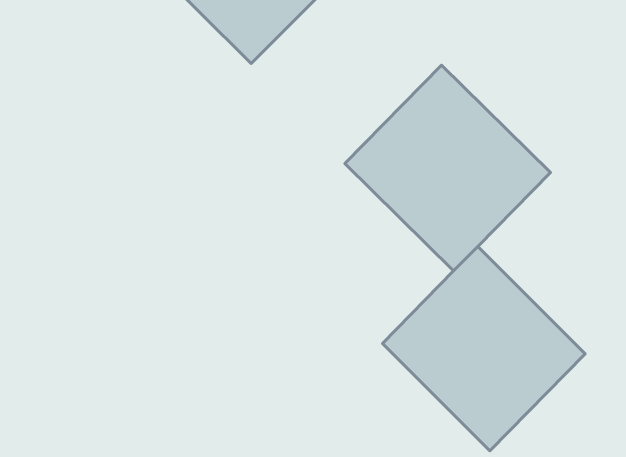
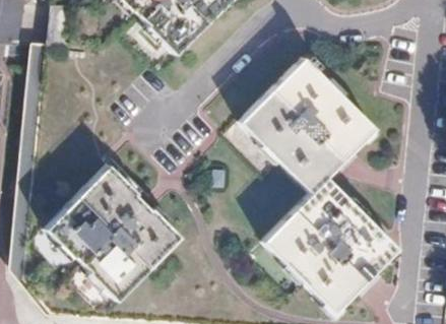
building: none -> [42,165,177,300]

